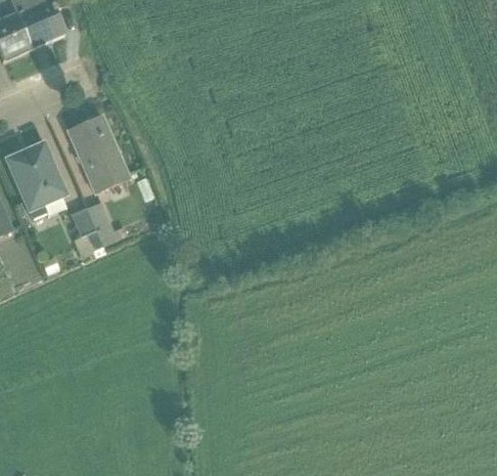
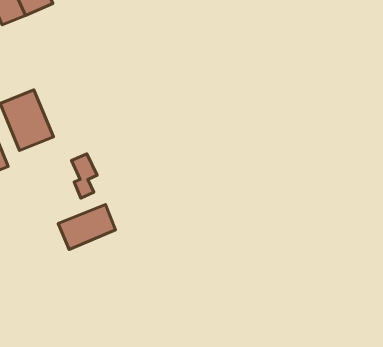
building: [66,114,130,192] -> none
building: none -> [58,204,116,250]

